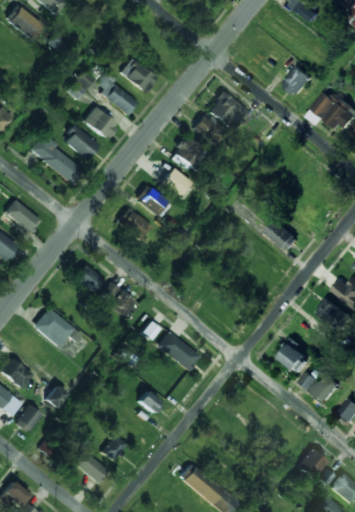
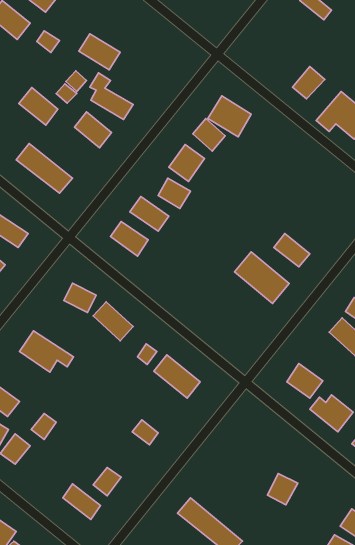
building: [120,59,158,92] -> [79,34,120,70]
building: [63,125,99,160] -> [19,87,58,125]
building: none -> [234,252,289,303]
building: [299,449,327,478] -> [267,473,298,505]

